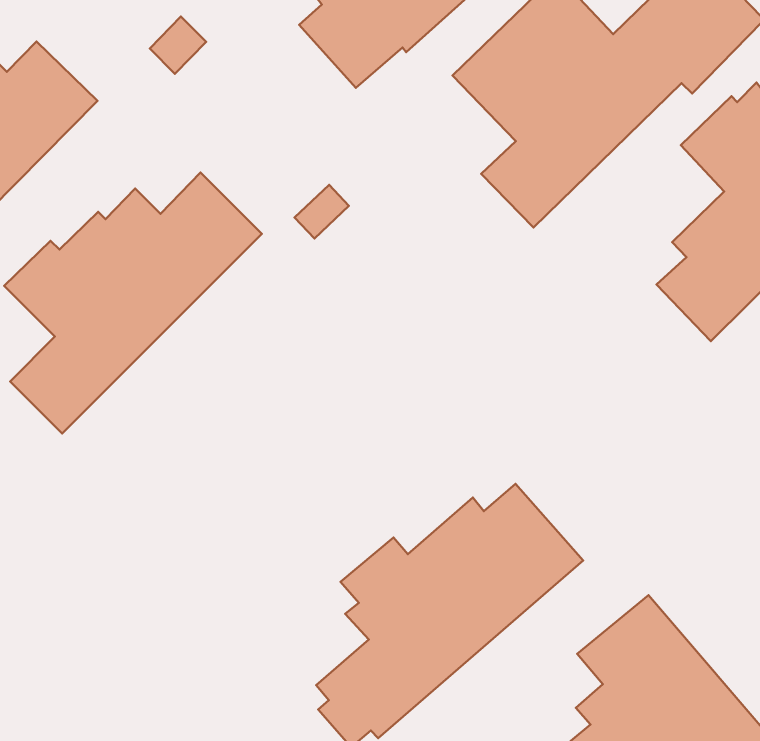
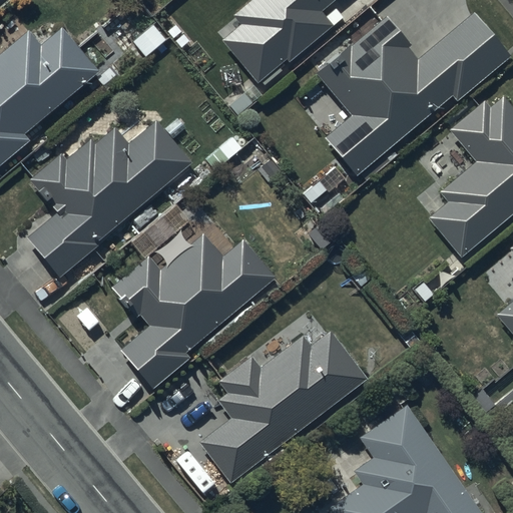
building: none -> [112,234,277,386]

